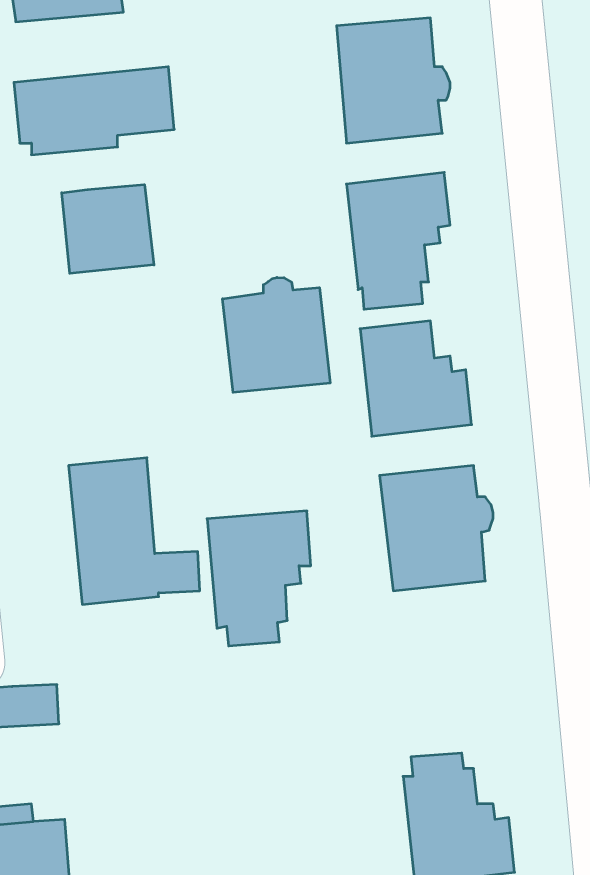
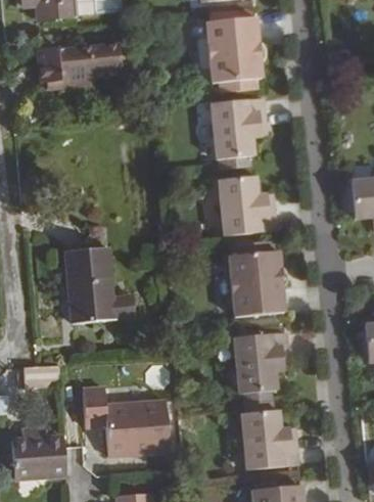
building: [62,185,154,273] -> none
building: [223,277,330,392] -> none
building: [207,511,311,646] -> [233,332,287,403]
building: none -> [82,387,169,455]

